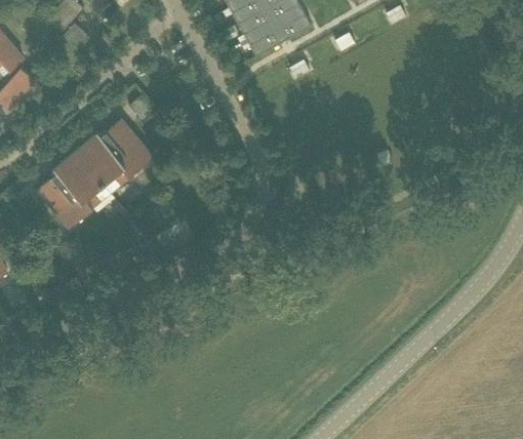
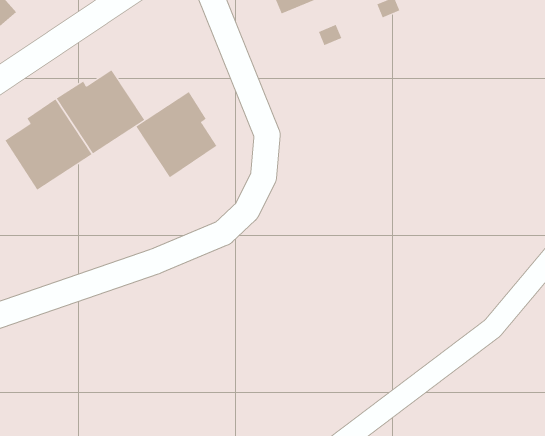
building: none -> [136,91,217,178]

